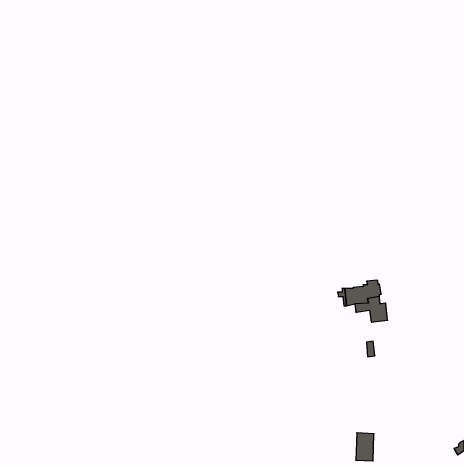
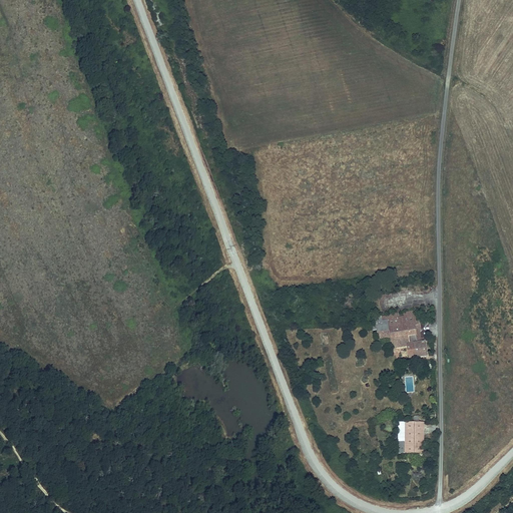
building: [356,433,374,461] -> [401,421,421,452]

